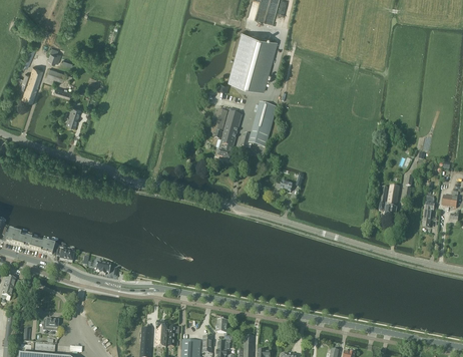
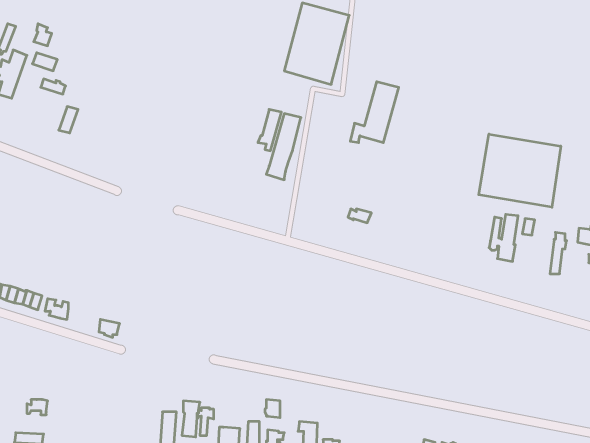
building: [241,103,276,147] -> [350,82,399,143]
building: none -> [479,134,561,207]

